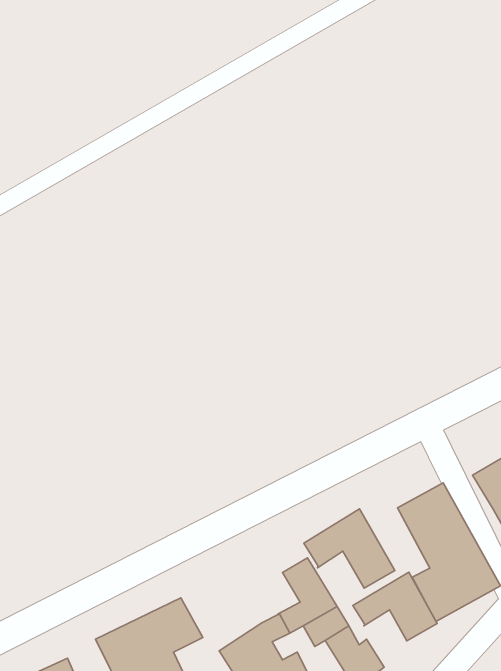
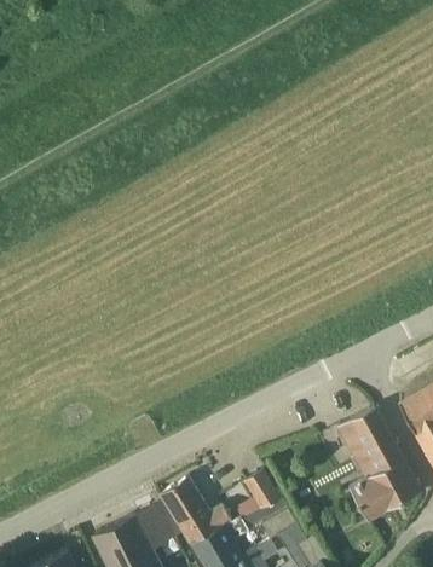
building: [304,509,395,588] -> none
building: none -> [161,480,230,546]
building: [353,572,437,641] -> none

